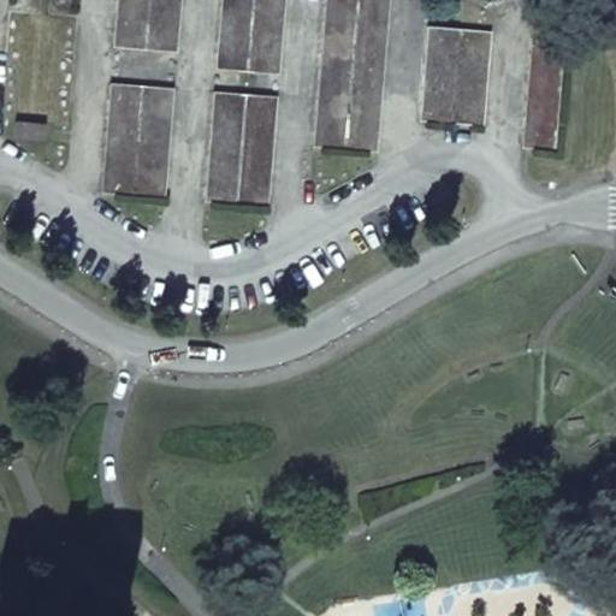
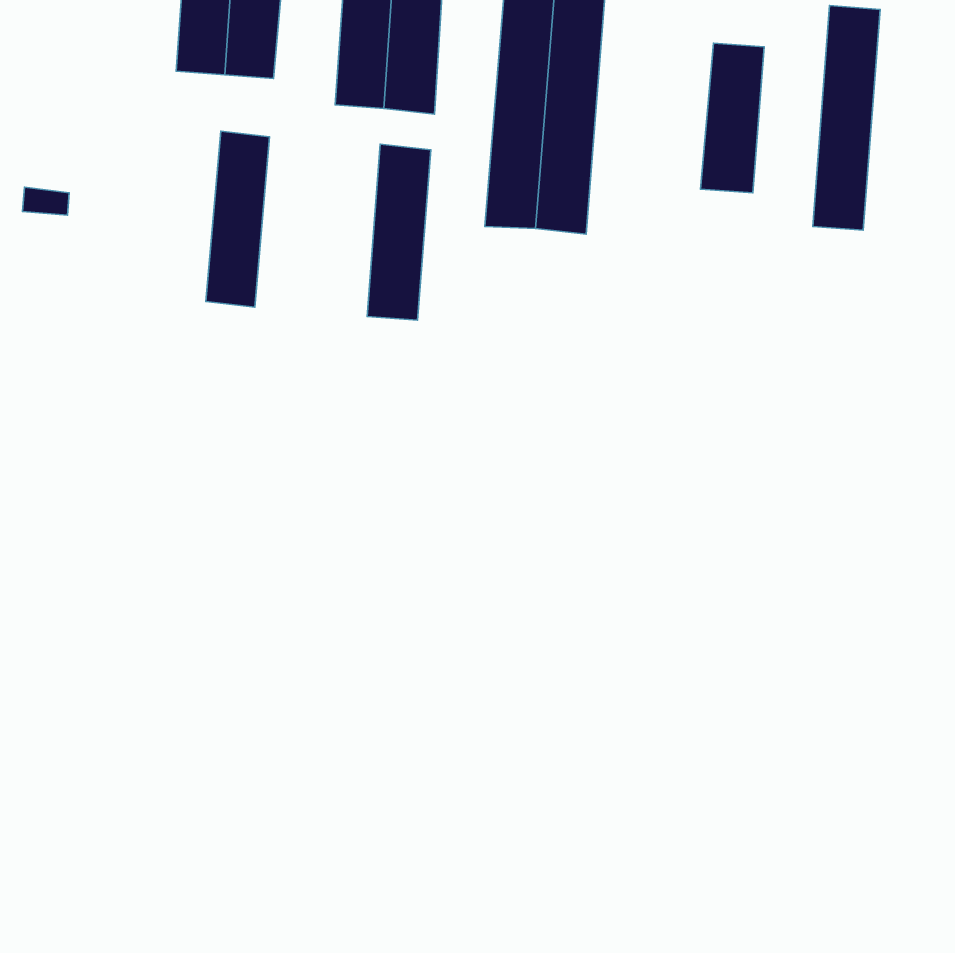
building: [420,25,460,122] -> none
building: [102,82,143,194] -> none
building: [206,90,245,203] -> none

